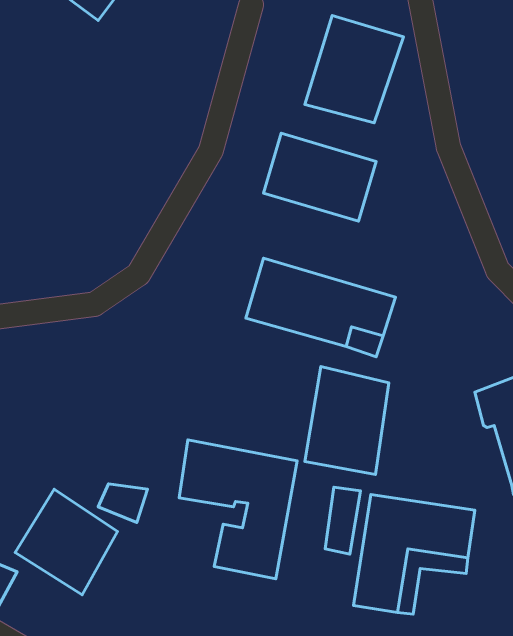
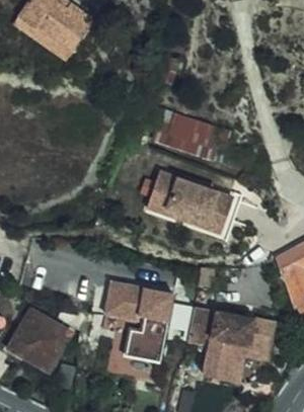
building: [305,15,404,123] -> none
building: [305,367,389,475] -> none

